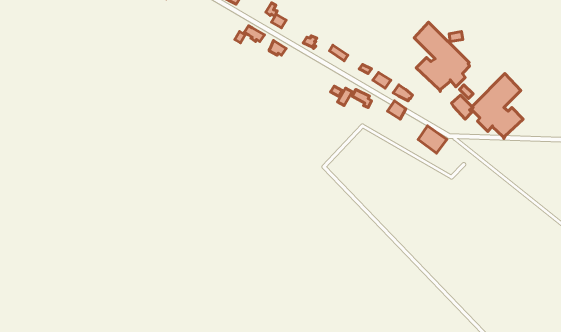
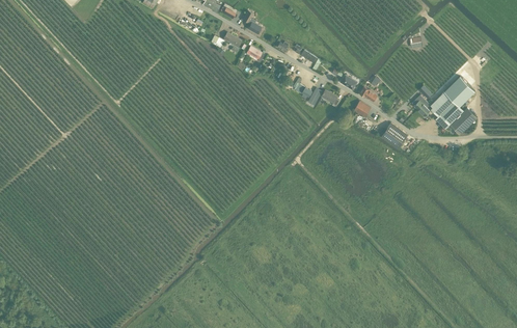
building: [414,22,470,92] -> none

